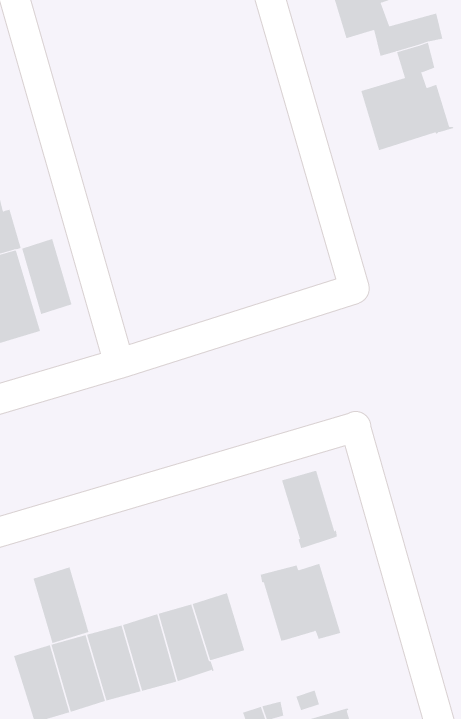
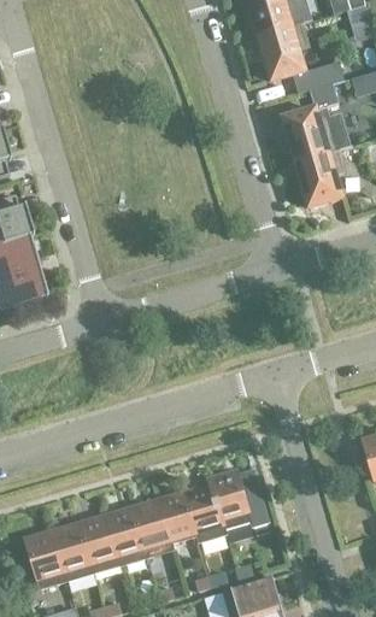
building: none -> [295,149,343,206]
building: [21,238,72,315] -> none
building: [281,470,338,548] -> [183,483,225,541]
building: [33,566,89,644] -> none

